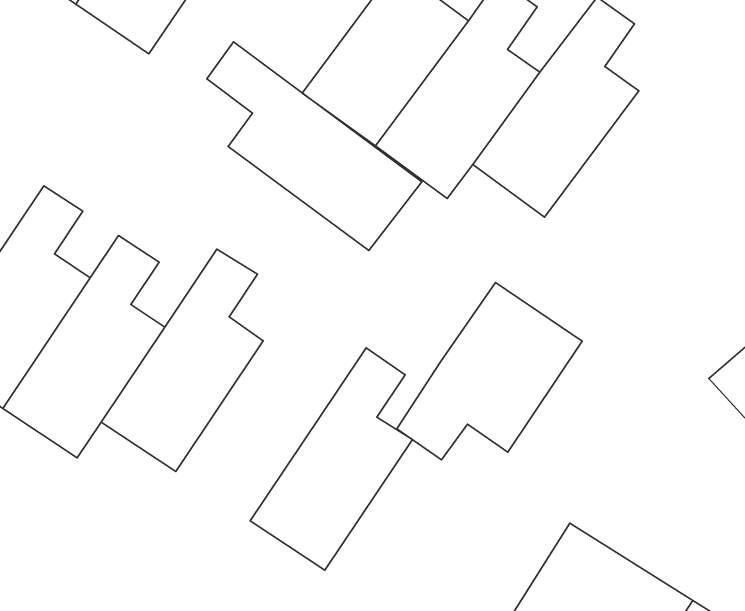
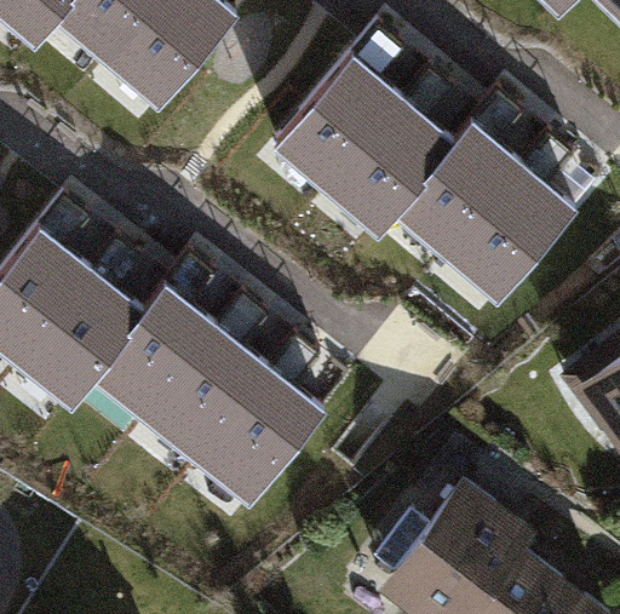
building: [207,42,422,251] -> none
building: none -> [446,137,579,300]
building: [397,282,582,460] -> none
building: none -> [149,300,277,466]

